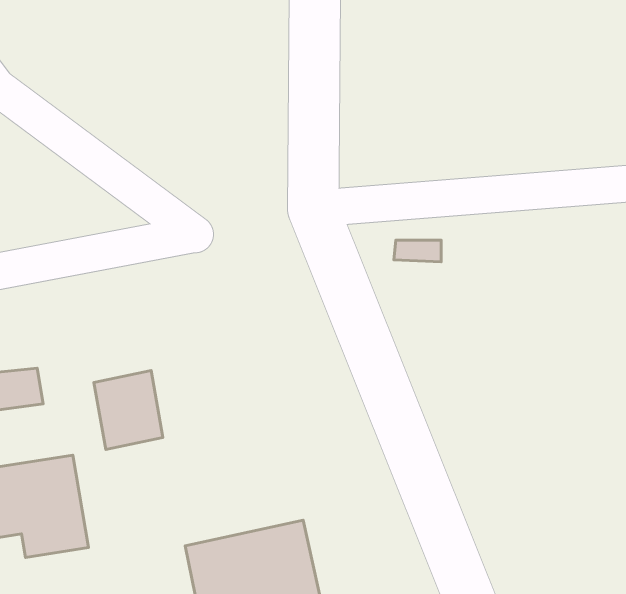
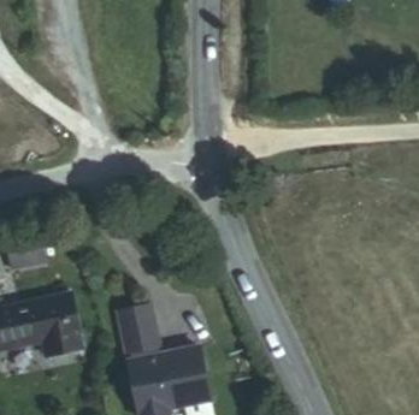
building: [94,371,163,449] -> [118,298,160,346]

